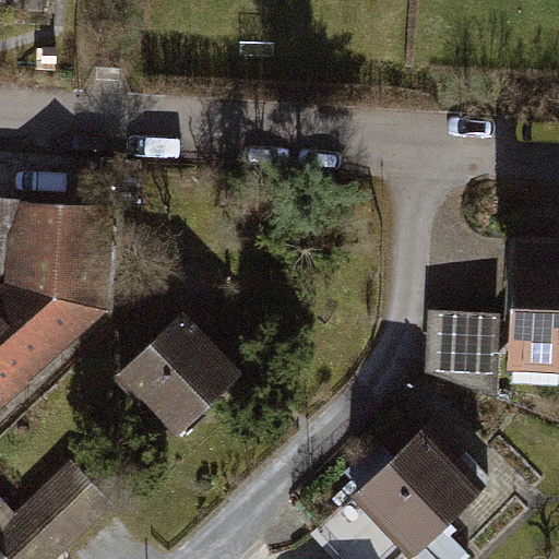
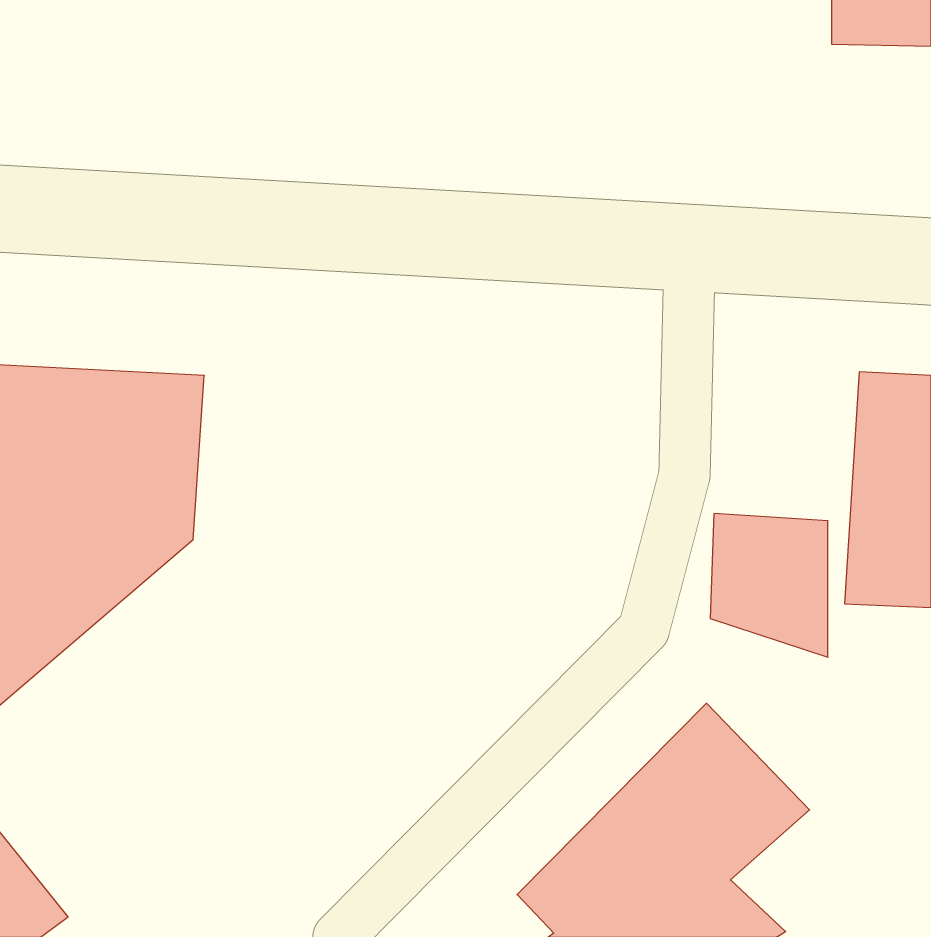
building: [122,320,261,459] -> none
building: [17,456,107,547] -> none

